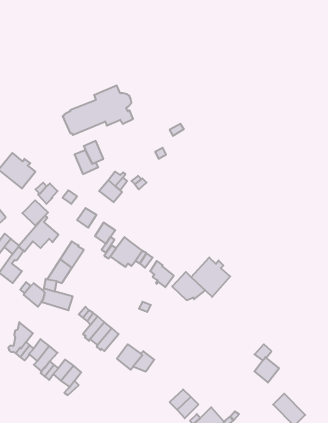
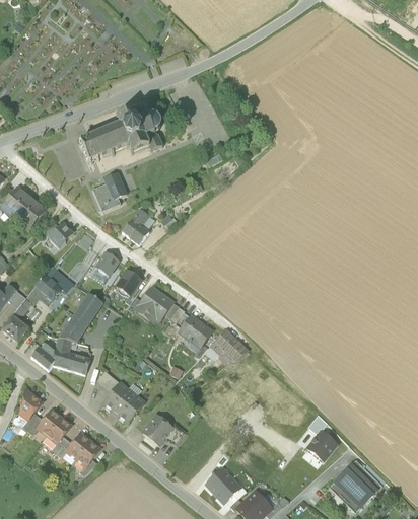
building: [22,200,48,225] -> none
building: [191,257,230,297] -> none
building: none -> [342,460,380,499]

